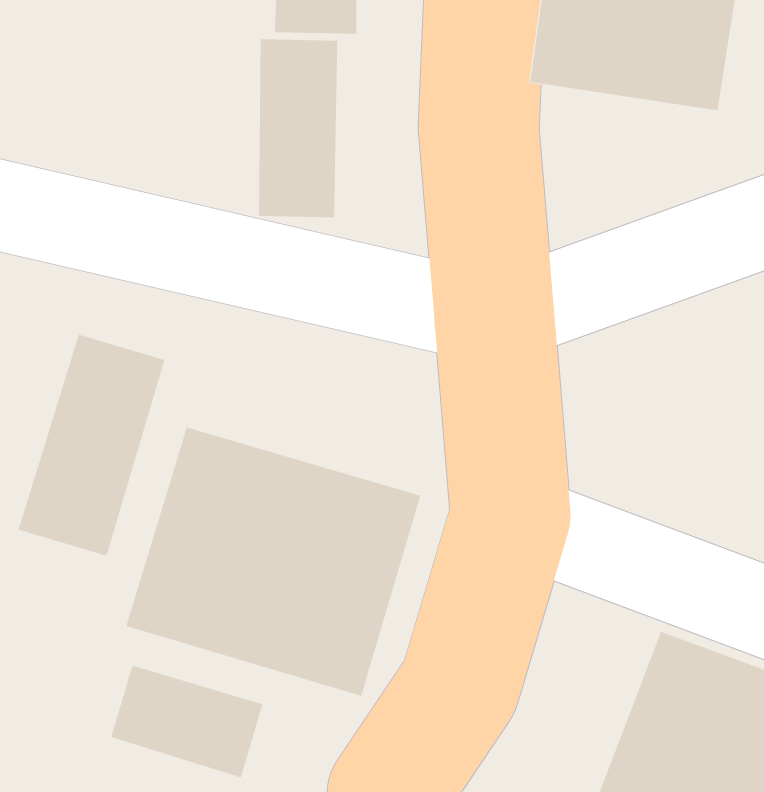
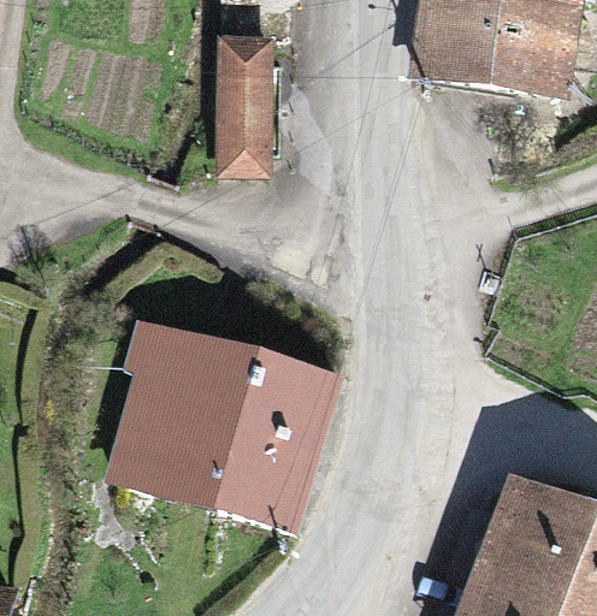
building: [18,334,165,556] -> none
building: [111,665,263,778] -> none

